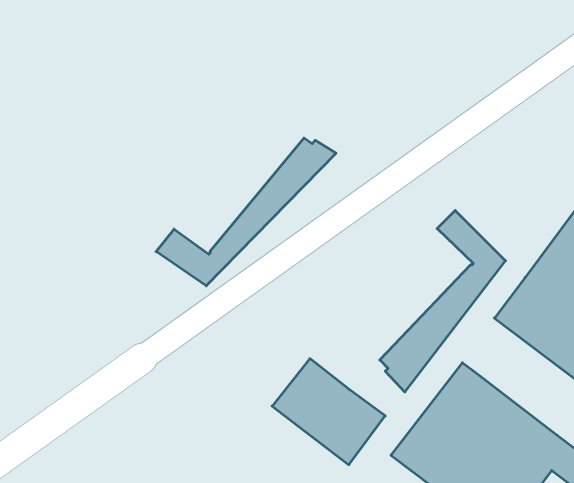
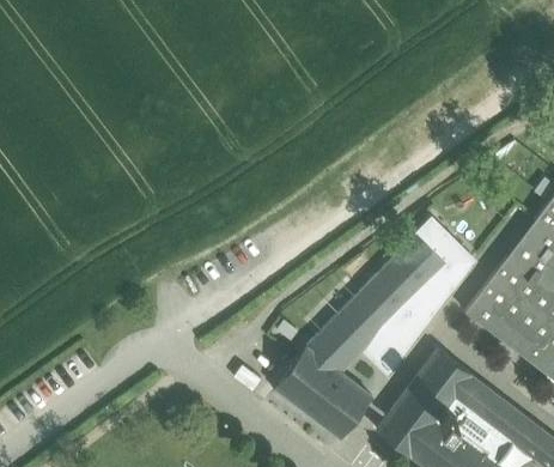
building: [156,138,336,286] -> none
building: none -> [308,235,448,372]

